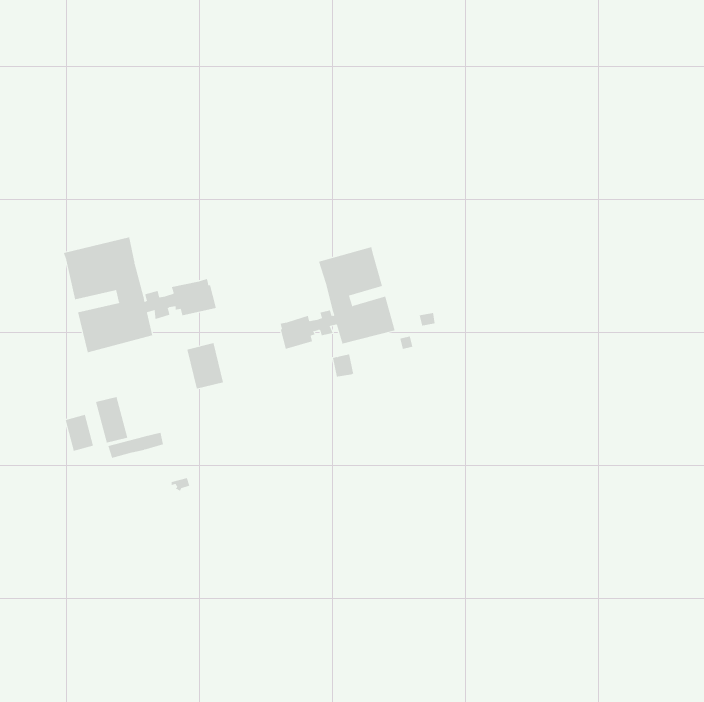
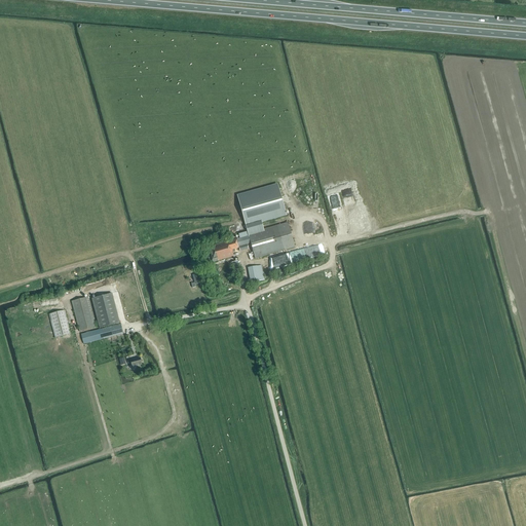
building: [63,237,217,353] -> none
building: [187,342,224,389] -> [91,293,119,328]

